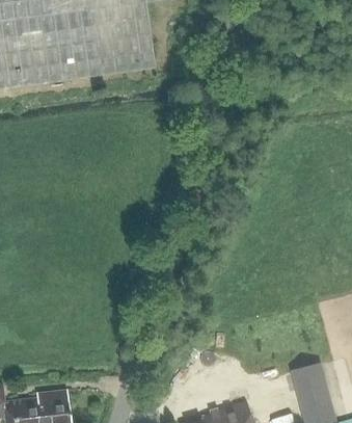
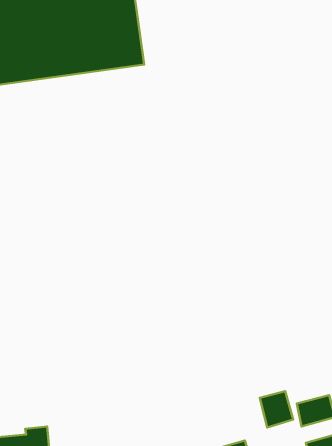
building: none -> [260,391,293,428]

